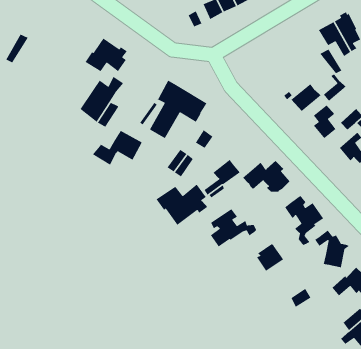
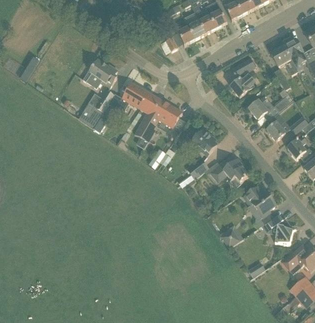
building: none -> [230,58,254,96]
building: none -> [191,127,216,155]
building: [92,130,143,166] -> [108,82,149,111]
building: [155,184,208,226] -> none
building: [210,208,257,247] -> none

